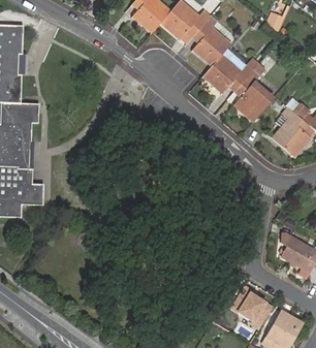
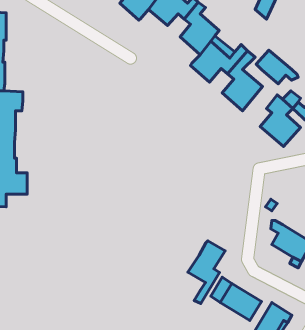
building: none -> [256,50,298,84]
building: none -> [188,241,225,303]

